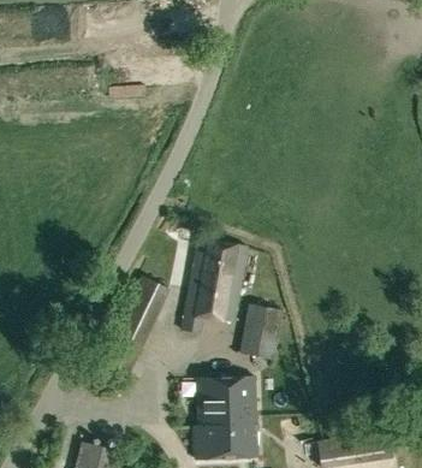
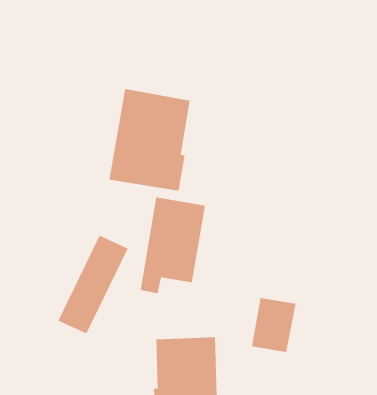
building: none -> [109,88,190,191]
building: [240,304,285,359] -> [251,297,297,353]

